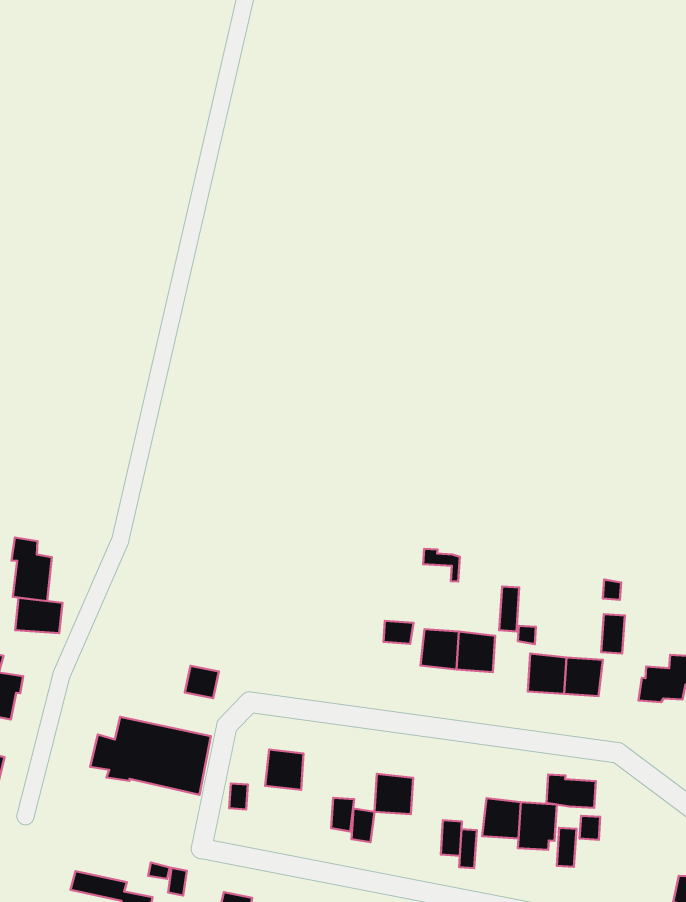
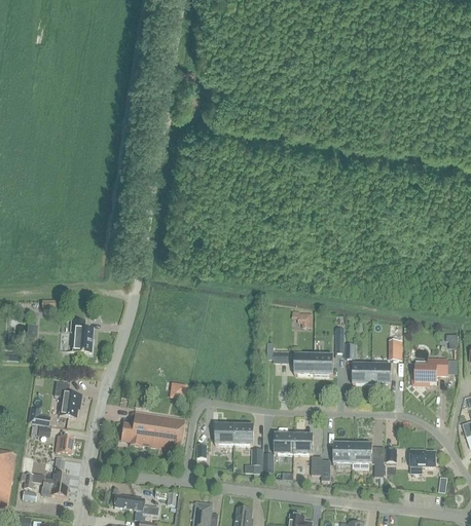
building: [15,598,63,633] -> none
building: none -> [233,423,253,443]
building: [546,774,596,808] -> [409,448,435,464]
building: none -> [293,433,313,452]

